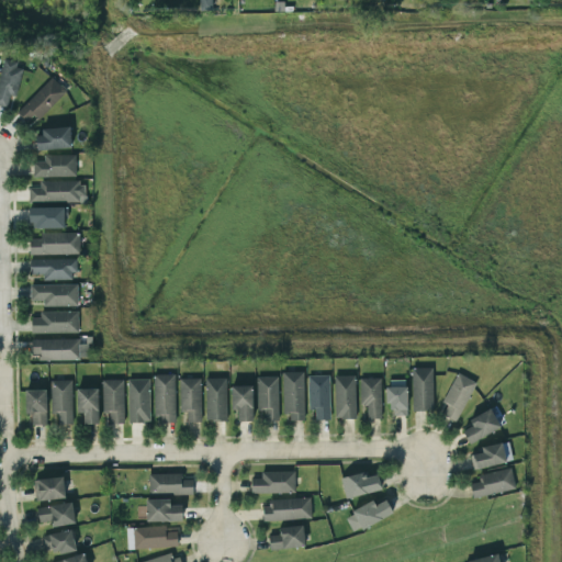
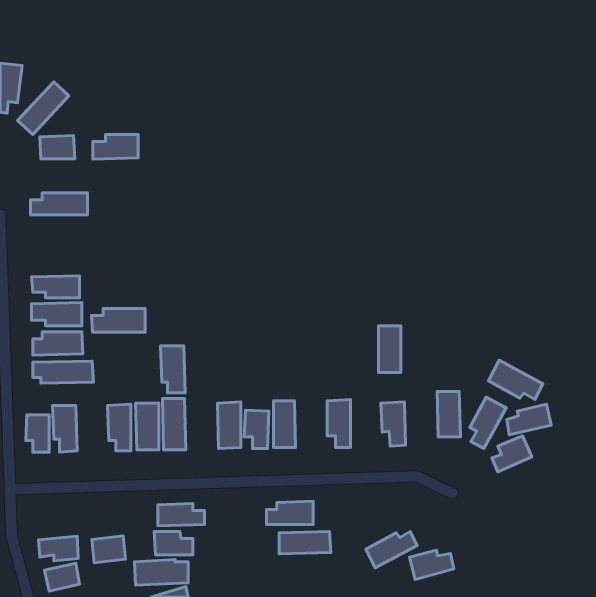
building: [33,155,76,178] -> [93,135,138,159]
building: [30,207,65,228] -> none
building: [30,233,80,255] -> [91,309,145,332]
building: none -> [489,360,543,399]
building: [282,372,304,420] -> none
building: [335,375,356,419] -> [379,326,401,372]
building: [179,379,202,423] -> [161,346,185,393]
building: [387,380,407,416] -> none
building: [77,389,99,425] -> none
building: [471,441,513,470] -> [507,404,551,435]
building: [470,468,516,498] -> none
building: [340,472,382,499] -> [409,550,454,579]
building: [34,476,66,502] -> [92,536,126,563]
building: [269,526,305,550] -> none

